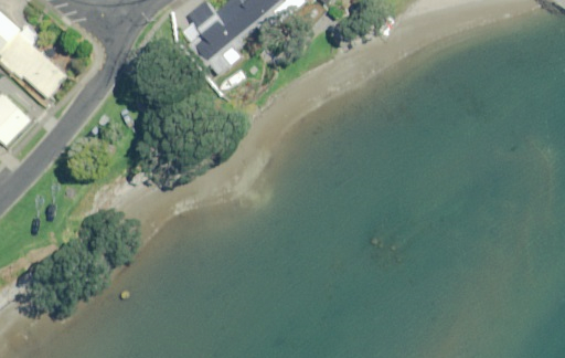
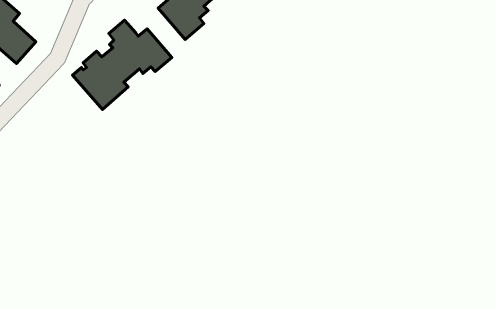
building: none -> [73,20,172,109]

